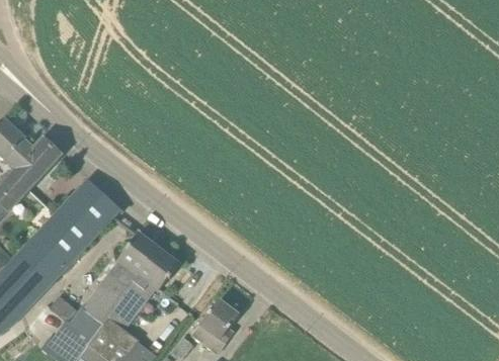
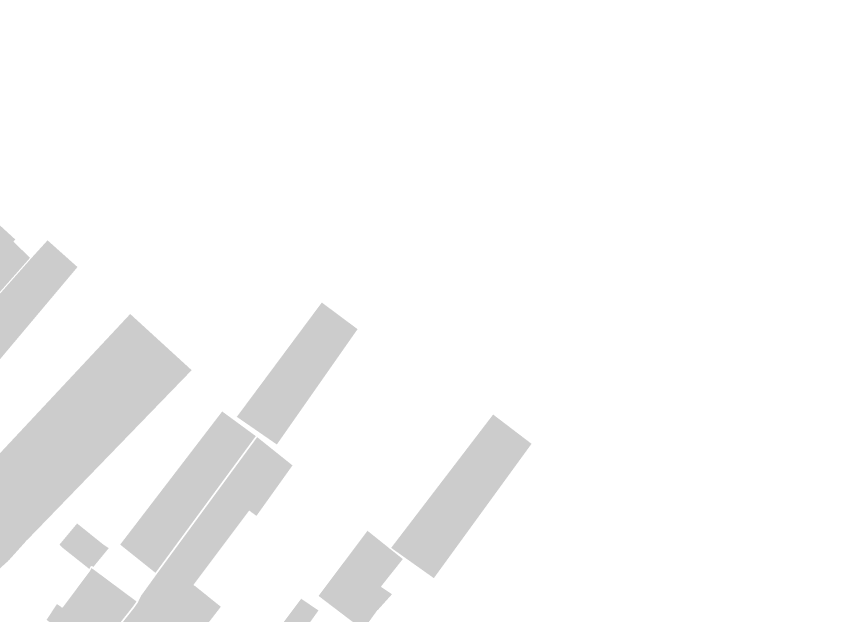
building: none -> [236,302,358,445]
building: none -> [390,413,532,579]

